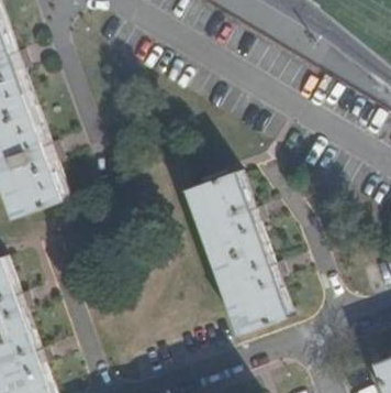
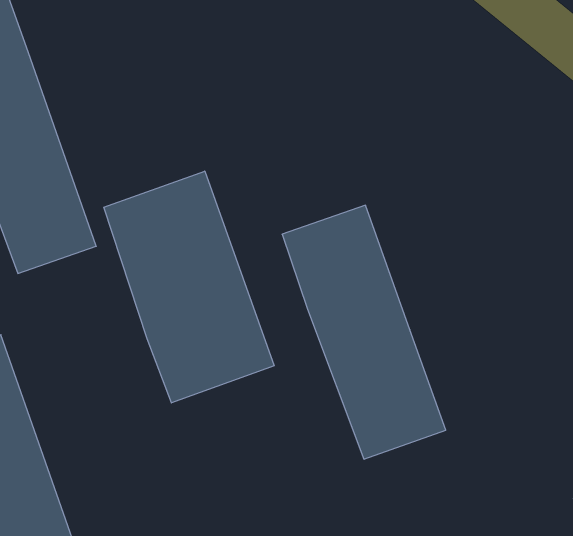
building: none -> [104,171,274,403]

